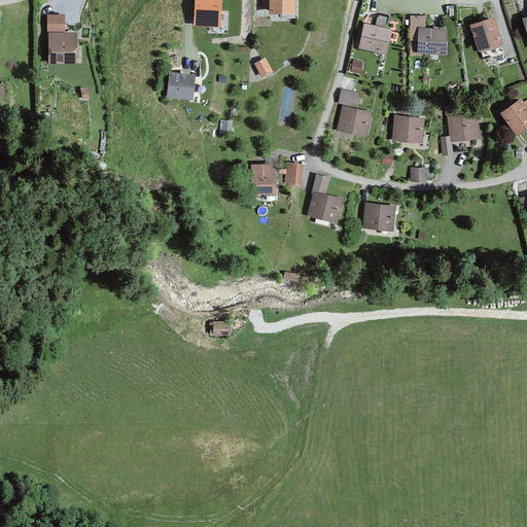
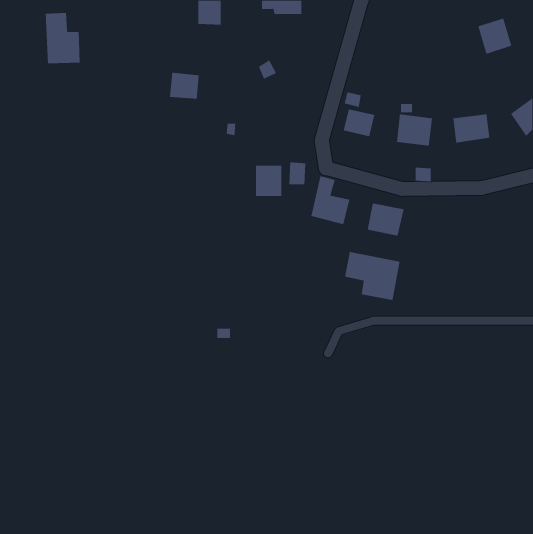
building: [359,25,390,52] -> none
building: [418,28,446,54] -> none
building: none -> [344,251,400,301]

